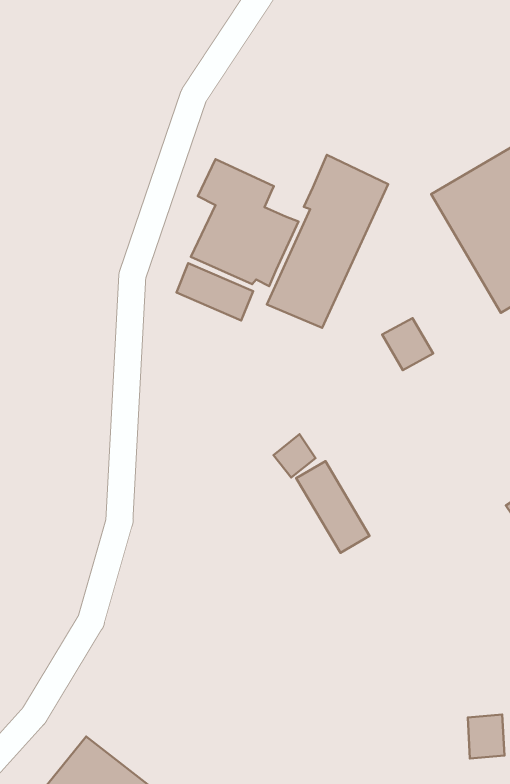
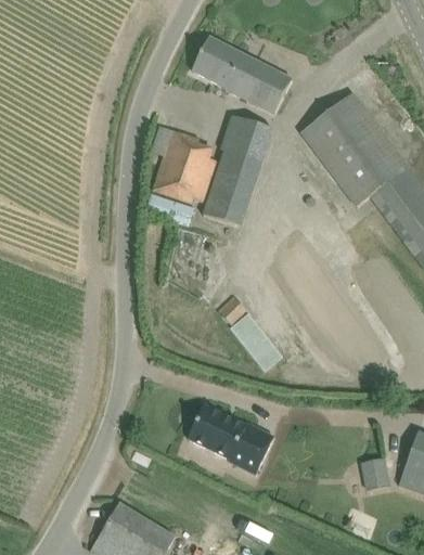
building: none -> [192,36,291,112]
building: [382,318,433,370] -> none
building: none -> [189,403,274,474]

